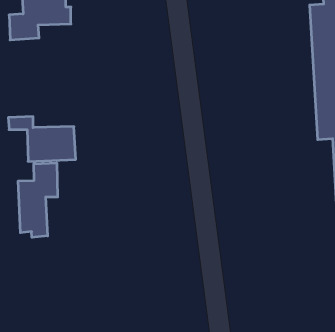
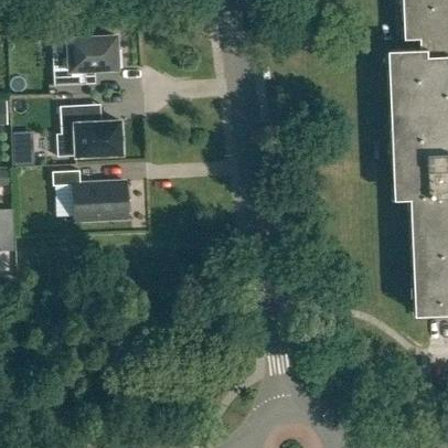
building: none -> [61,105,122,156]
building: [18,163,58,237] -> none

